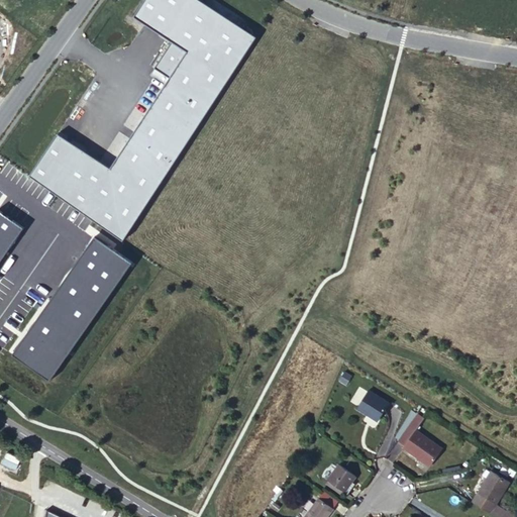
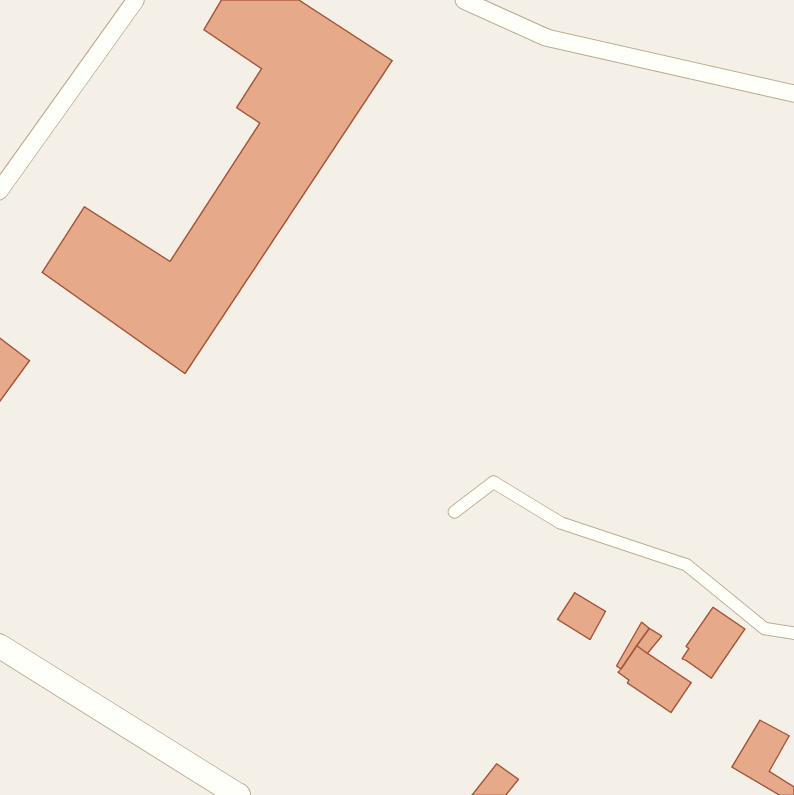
building: [10,238,129,382] -> none
building: none -> [682,607,745,678]
building: [329,460,359,490] -> none

